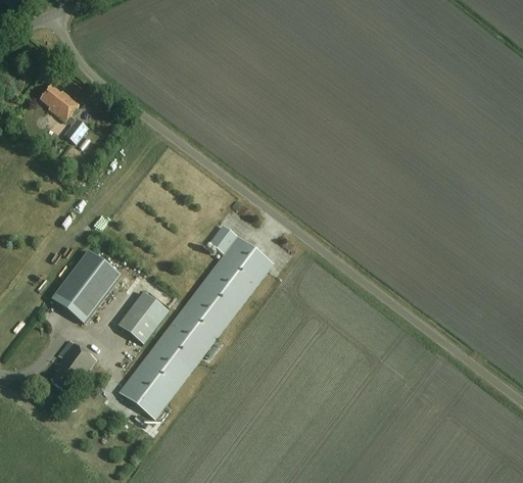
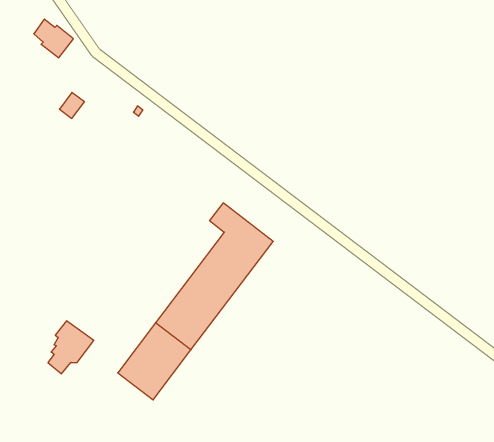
building: [40,84,79,122] -> [34,19,73,58]
building: [51,249,122,323] -> none
building: [118,291,169,343] -> none

